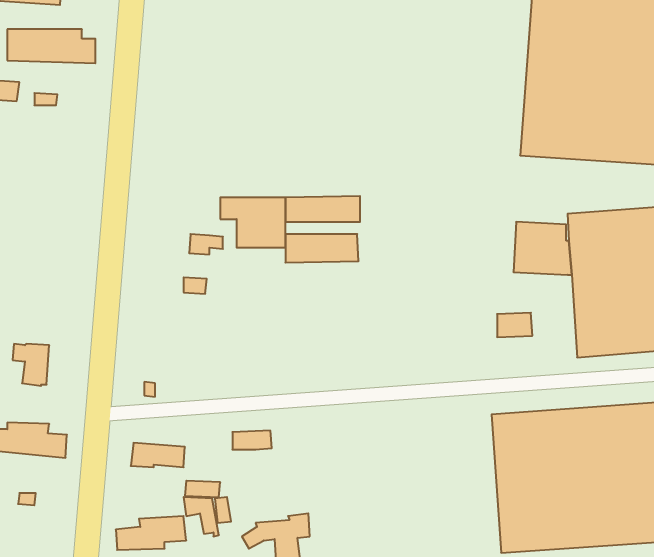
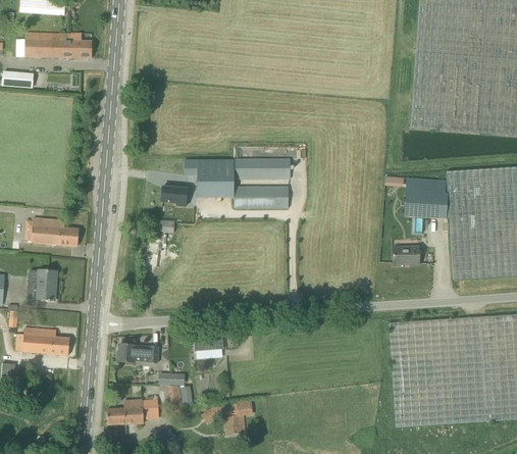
building: none -> [25,217,79,246]

